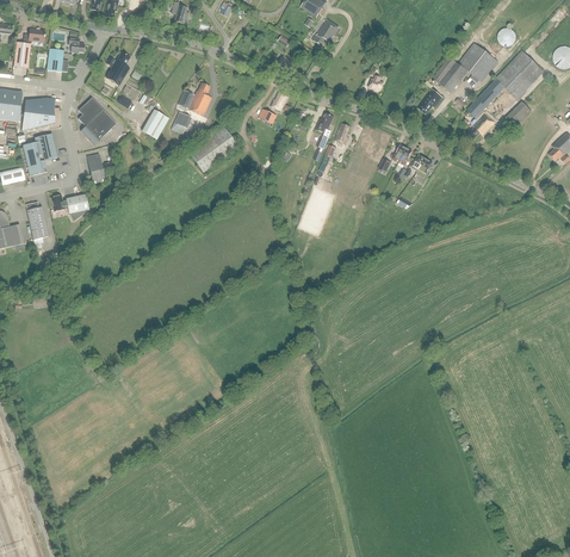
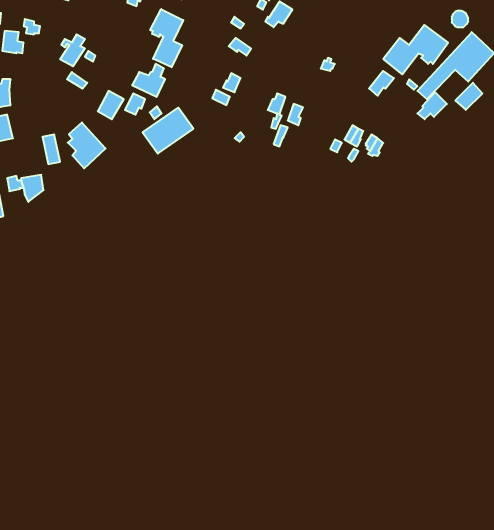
building: none -> [150,9,183,67]
building: [78,97,116,143] -> [68,122,106,168]

